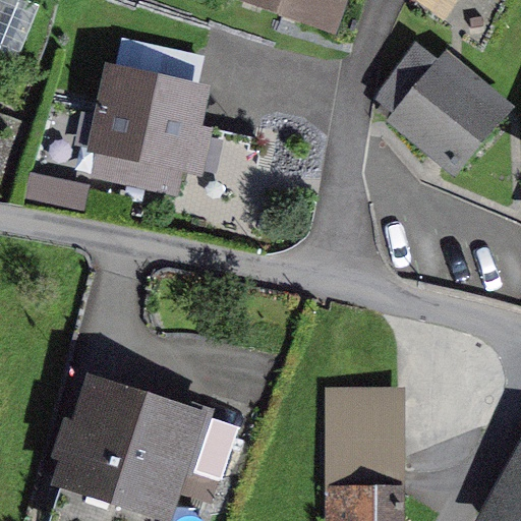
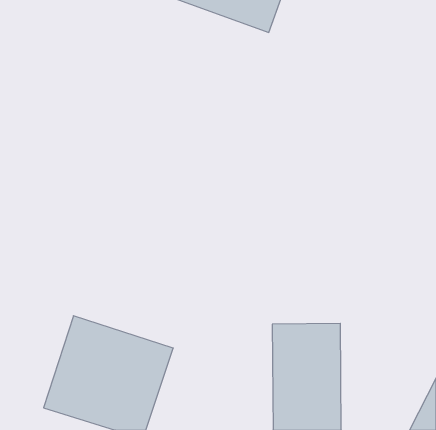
building: [375,40,509,169] -> none
building: [94,64,211,169] -> none

